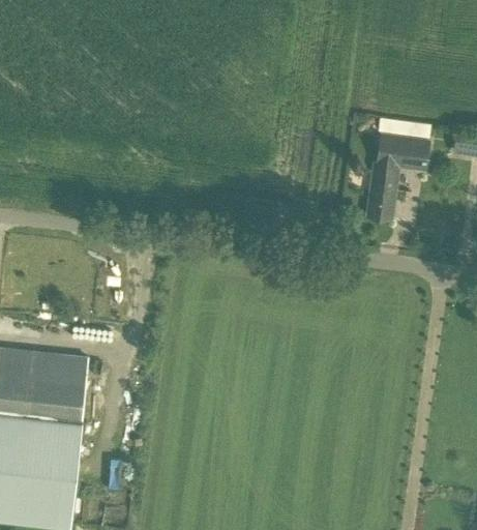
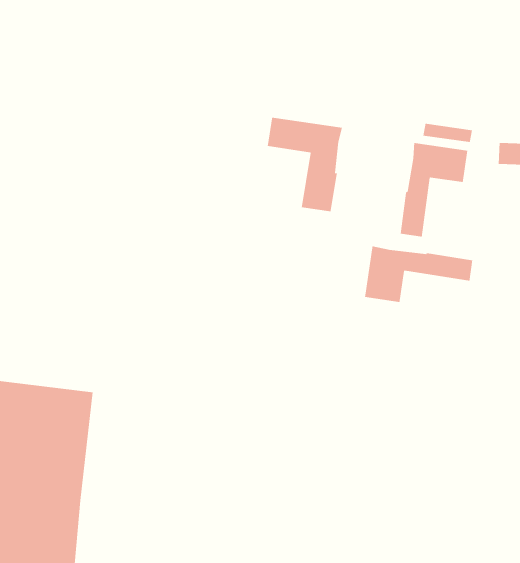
building: none -> [267,117,343,212]
building: none -> [365,245,473,303]

